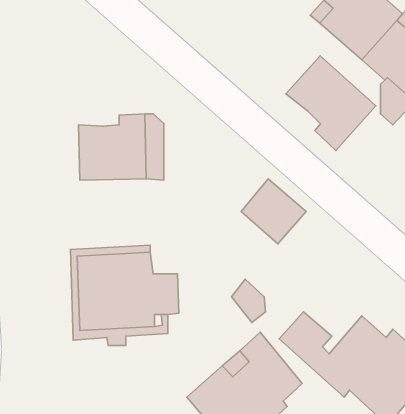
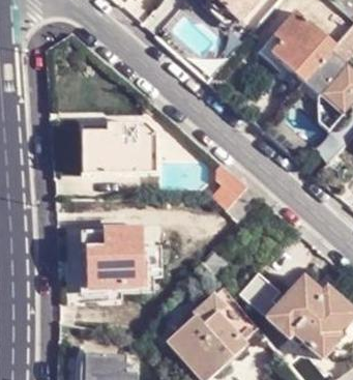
building: [286,56,376,150] -> none

